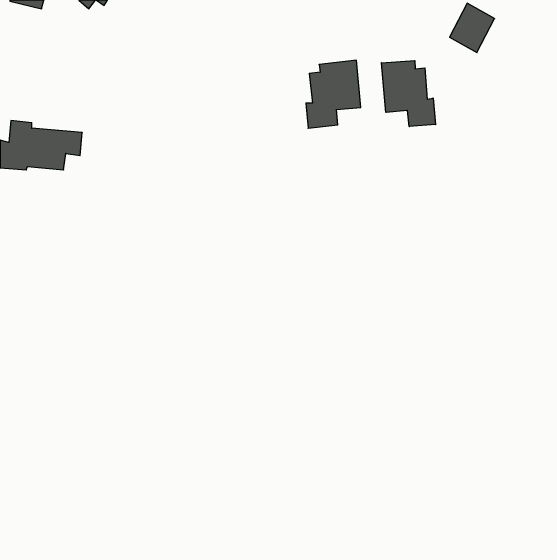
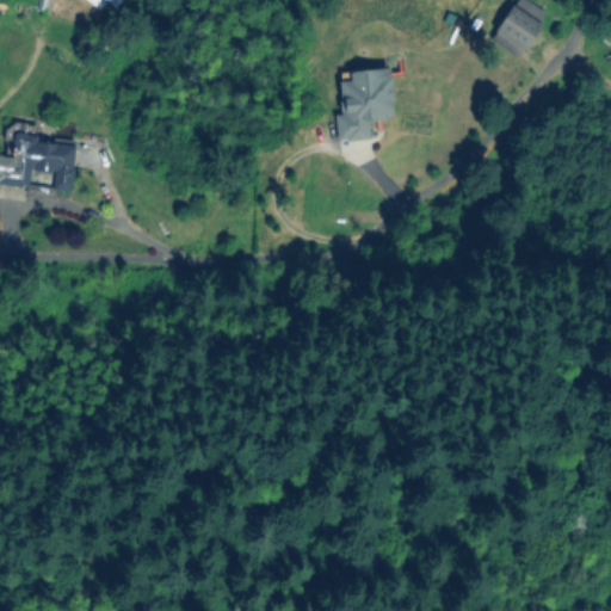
building: [381,61,436,127] -> none

